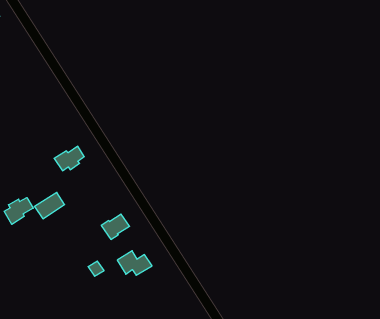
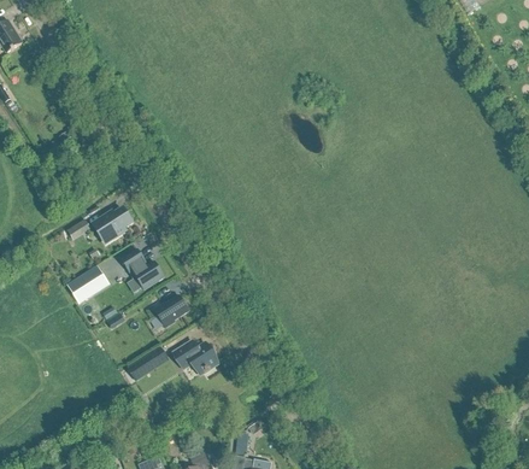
building: none -> [122,248,164,288]
building: [4,198,33,224] -> none

